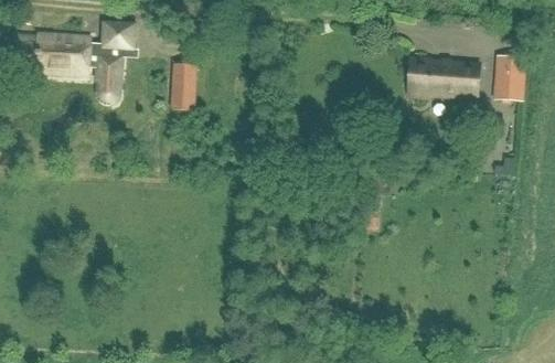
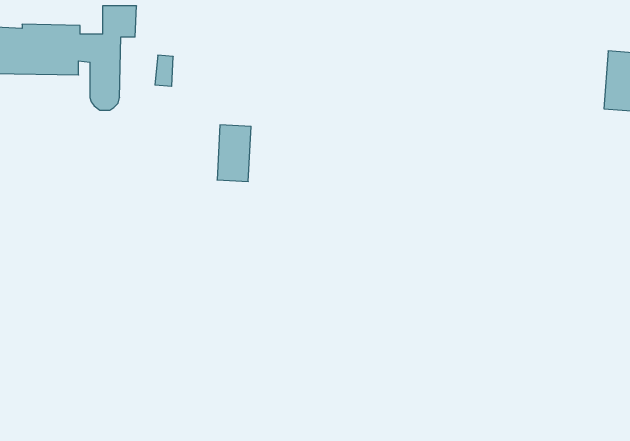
building: [409,58,482,98] -> none
building: [168,60,194,104] -> [217,125,251,181]

